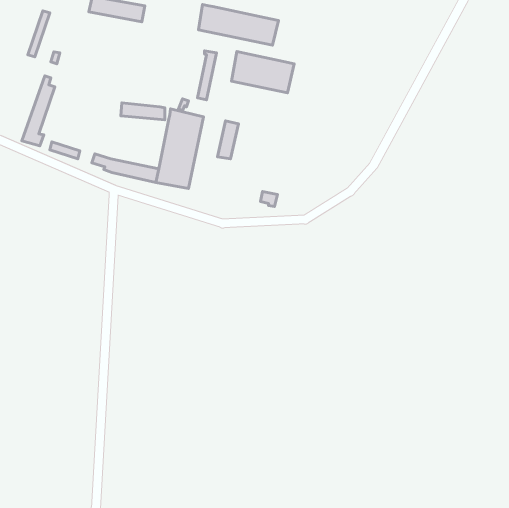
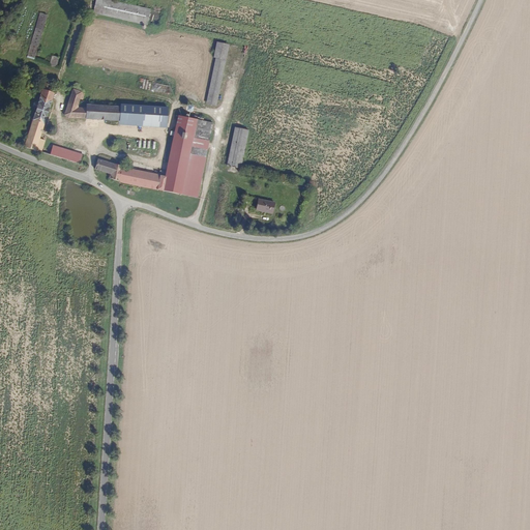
building: [199,4,278,45] -> none
building: [232,51,294,93] -> none
building: none -> [70,88,126,120]

